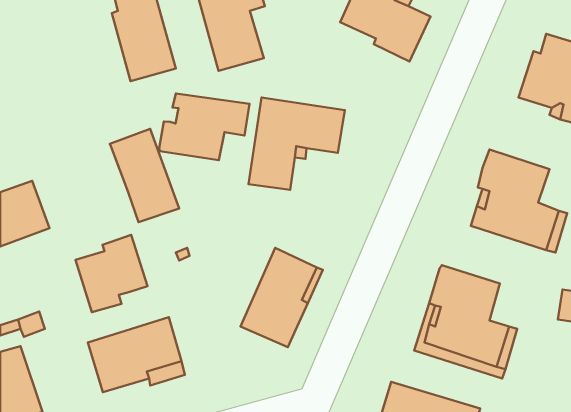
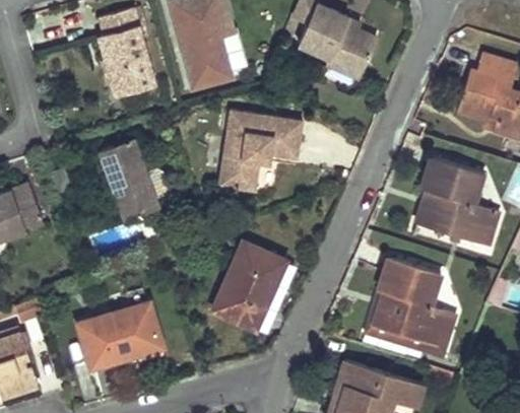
building: [159,94,249,160] -> none
building: [76,235,147,312] -> none

